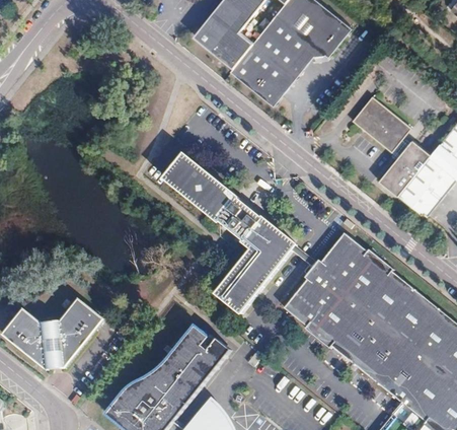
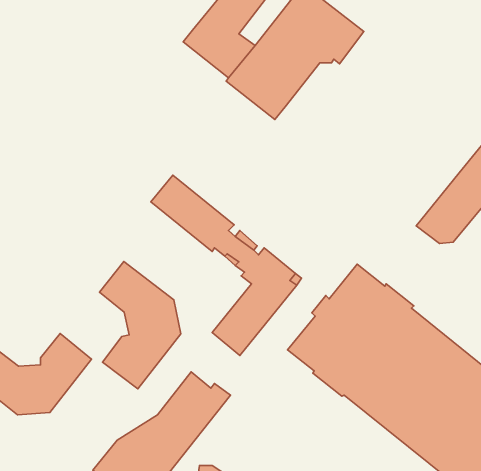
building: [352,93,432,194] -> none
building: none -> [100,262,181,389]

